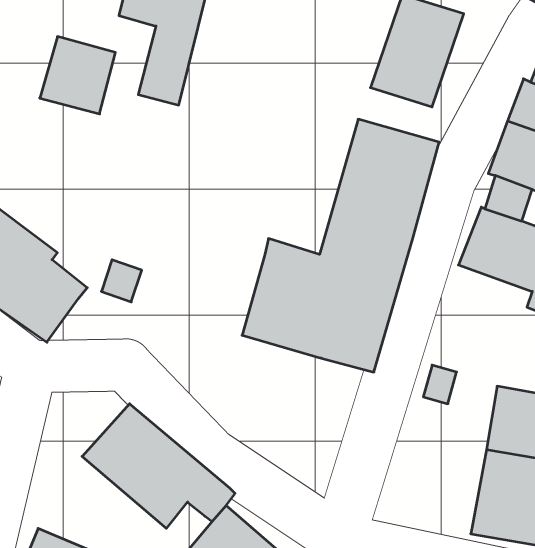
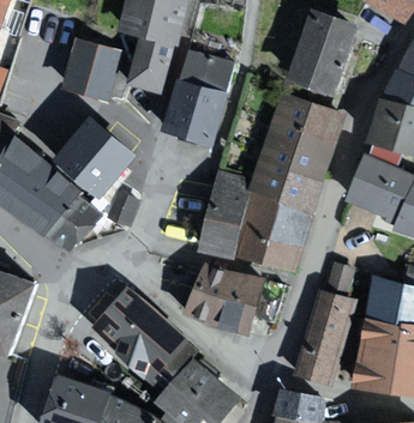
building: none -> [167,52,232,138]
building: none -> [55,117,132,193]
building: none -> [191,265,260,327]
building: none -> [295,290,350,380]

